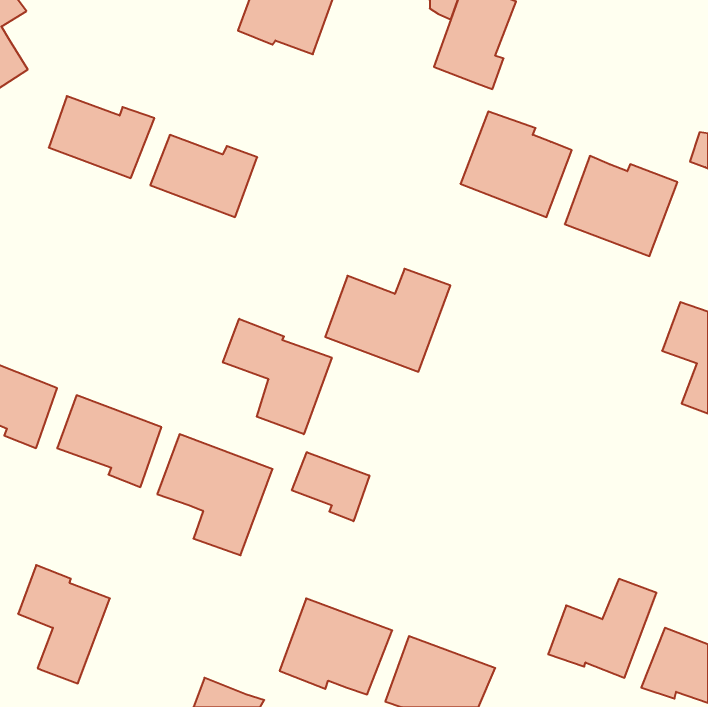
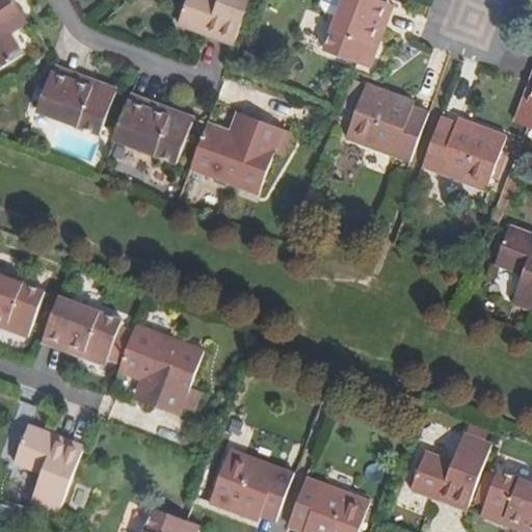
building: [325,269,450,372] -> [189,117,283,194]
building: [223,319,332,434] -> none
building: [292,452,369,521] -> none

